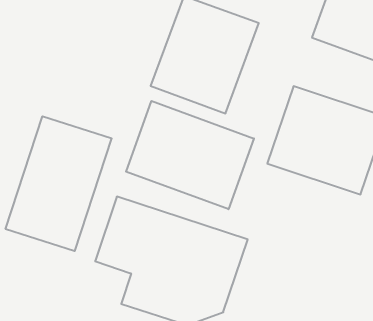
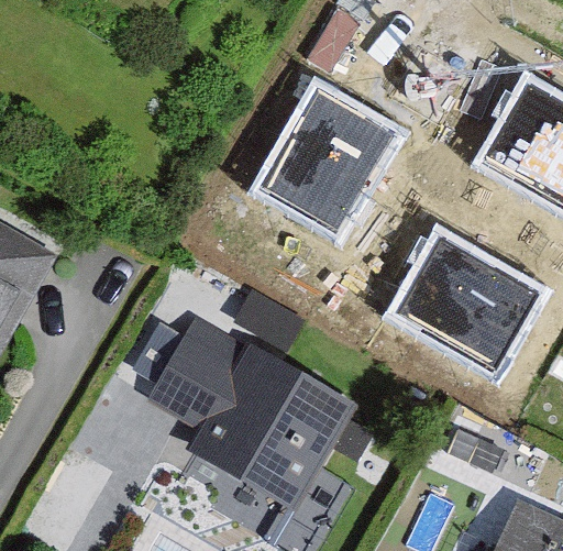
building: [126,101,254,209] -> none
building: [6,116,112,251] -> none

